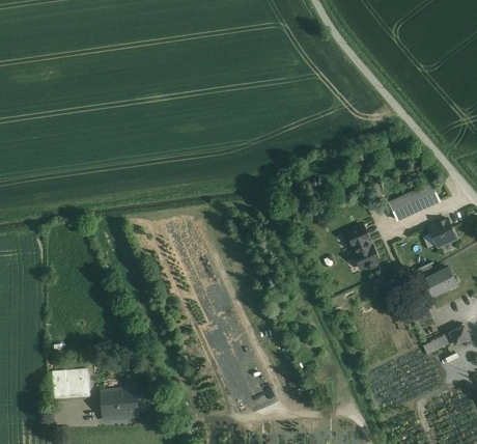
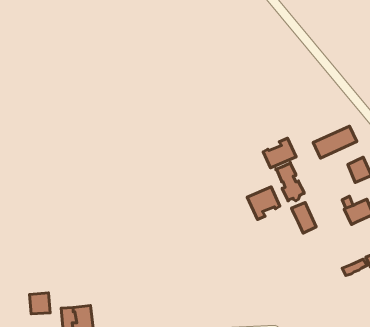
building: none -> [263,138,296,168]
building: none -> [247,187,280,220]
building: none -> [291,202,316,233]

